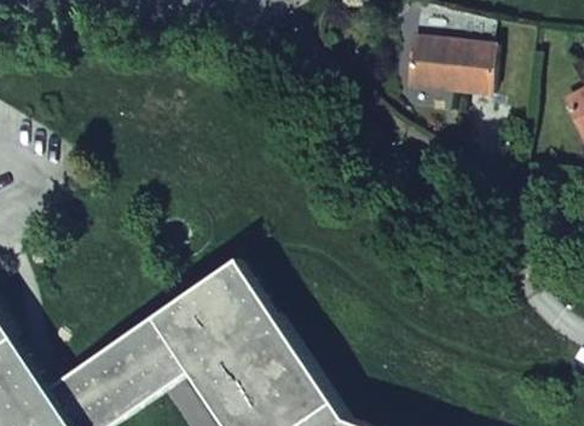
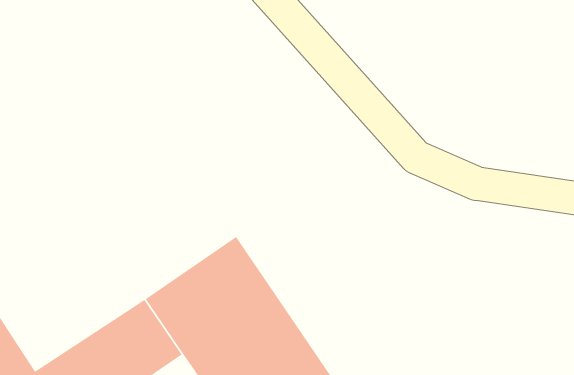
building: [400,39,490,96] -> none

